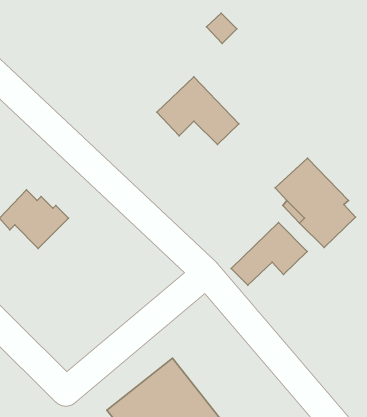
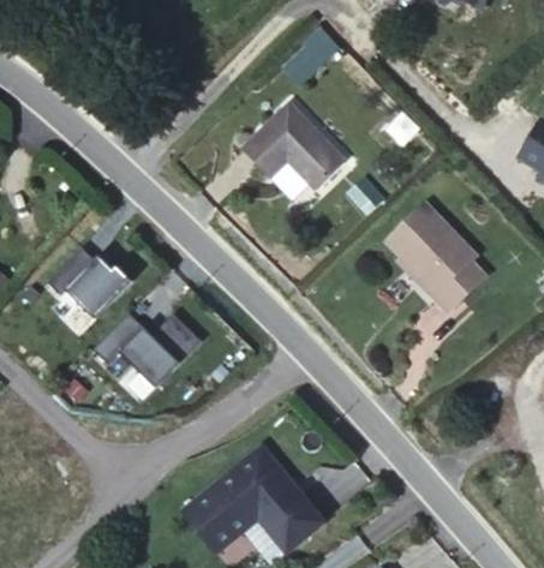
building: [231,222,307,285] -> none
building: none -> [97,309,204,384]

